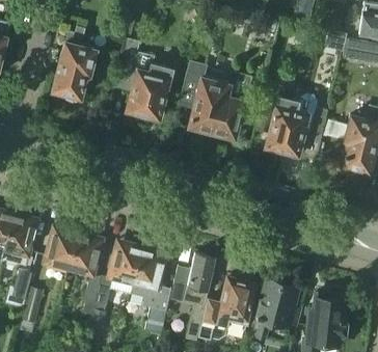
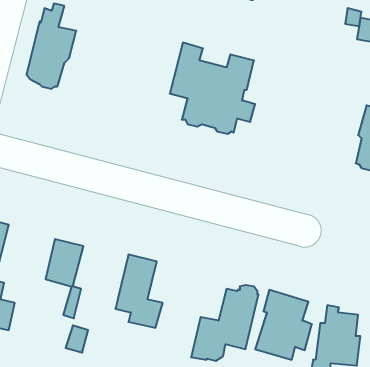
building: [113,38,171,121] -> none
building: [265,92,329,159] -> none
building: [45,226,78,268] -> none
building: [94,240,142,304] -> none
building: [170,252,216,341] -> none

